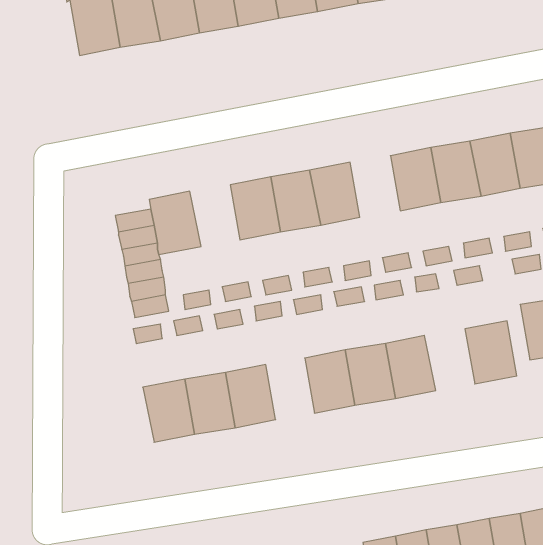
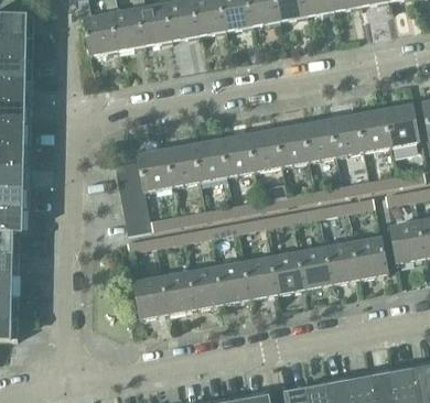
building: none -> [272,124,307,166]
building: none -> [163,144,197,186]
building: none -> [323,242,357,284]
building: none -> [215,262,248,304]

